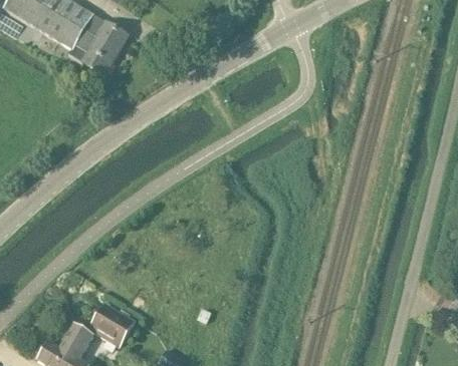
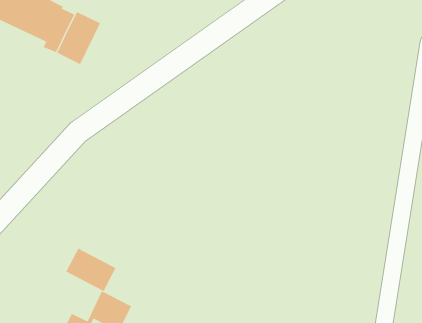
building: none -> [66,248,116,292]

